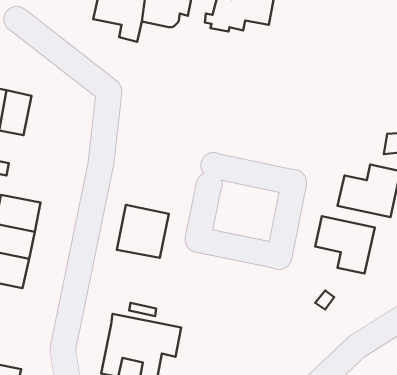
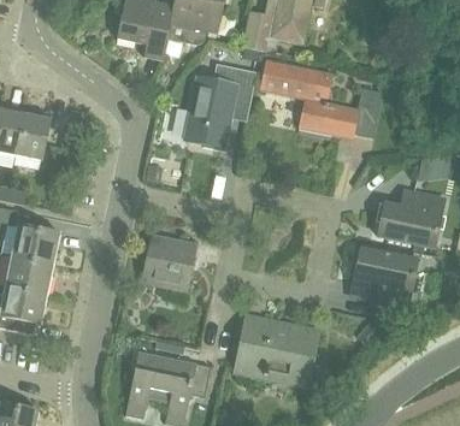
building: none -> [260,58,381,138]
building: none -> [184,63,256,146]
building: none -> [234,316,318,383]

